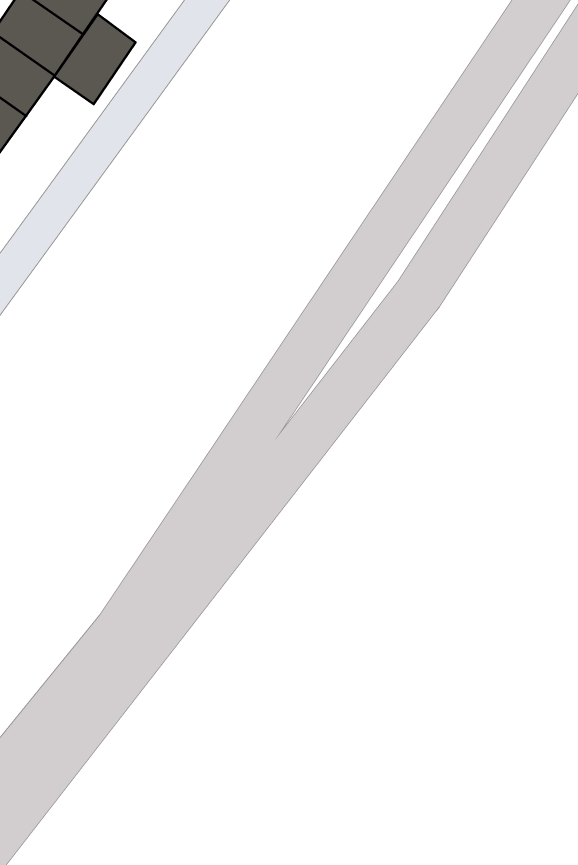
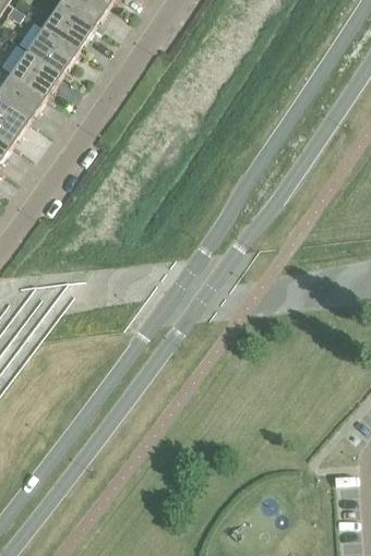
building: [54,14,135,104] -> none

